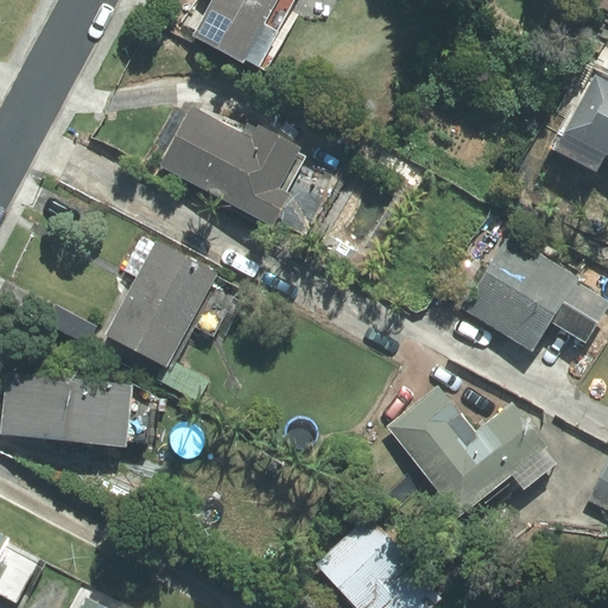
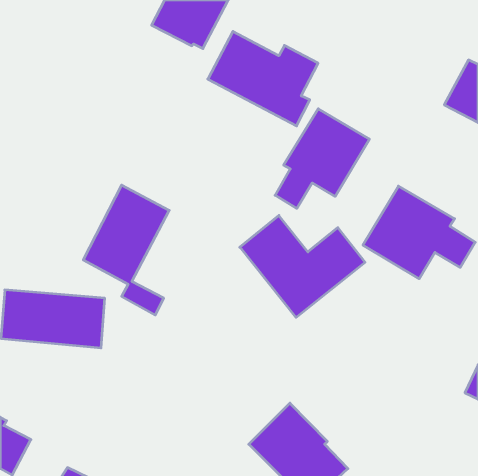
building: [159,106,299,226] -> [208,31,318,126]
building: none -> [275,109,369,208]
building: [391,387,550,517] -> [240,215,365,317]

